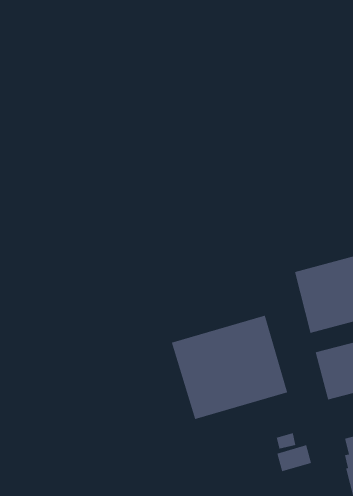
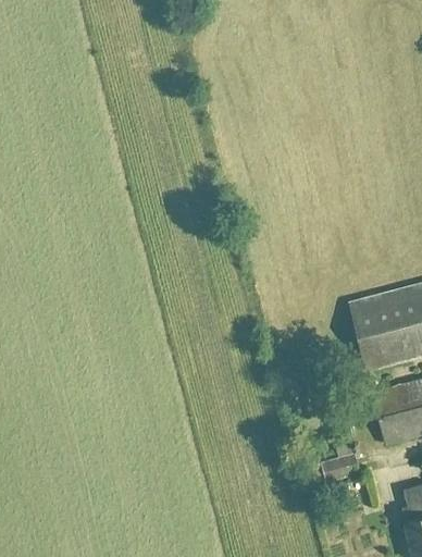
building: [171,315,288,420] -> none
building: [276,445,312,472] -> [319,454,358,484]

